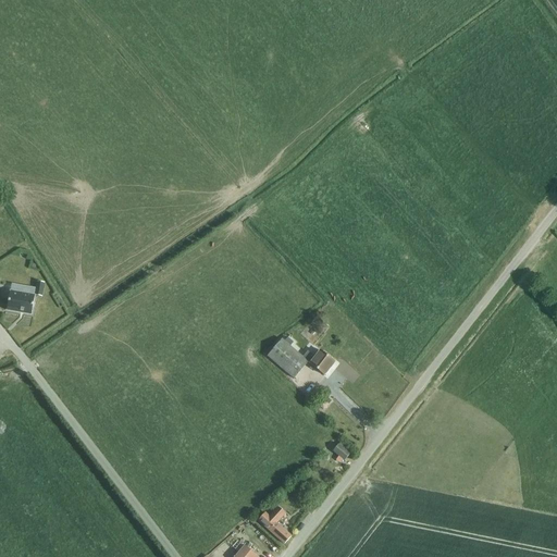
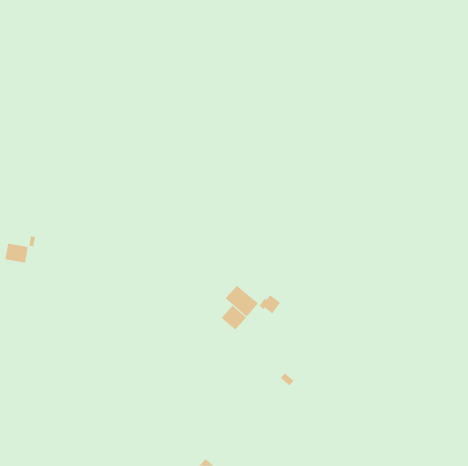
building: none -> [221,305,247,331]
building: [257,505,288,542] -> none

